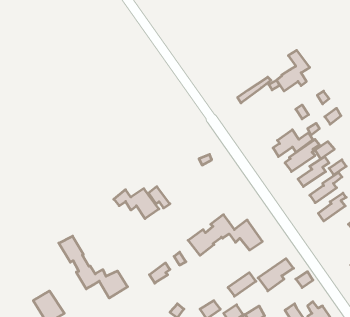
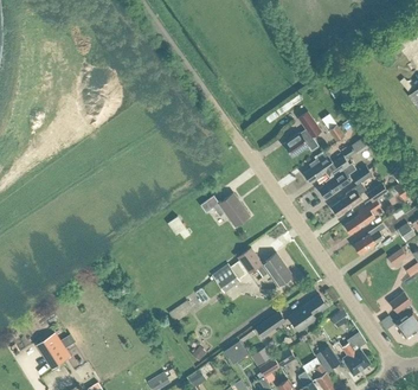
building: [276,50,310,91] -> [284,111,321,156]
building: [114,189,159,219] -> [200,193,250,226]
building: [59,236,128,298] -> none

